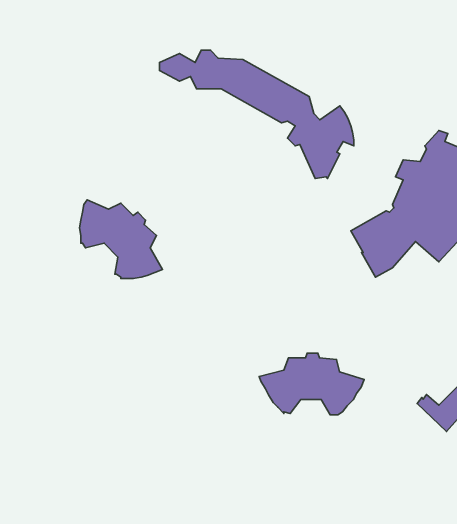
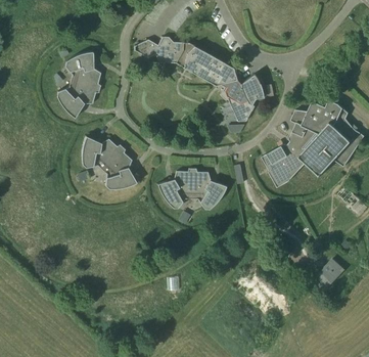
building: none -> [57,51,101,118]
building: [259,353,364,415] -> [157,168,227,209]

